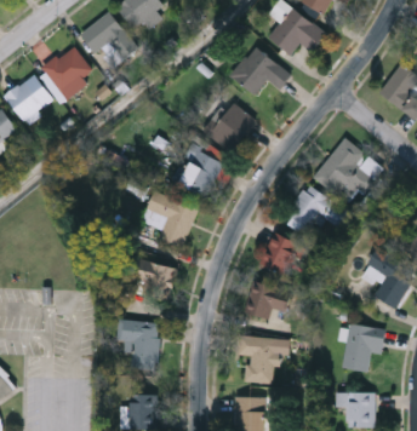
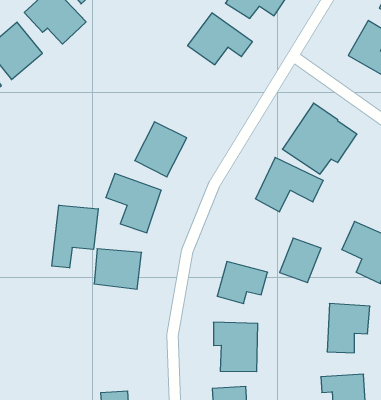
building: [206,100,256,153] -> none
building: none -> [52,205,98,268]
building: [259,232,299,275] -> [280,238,321,283]
building: [116,320,159,372] -> none

